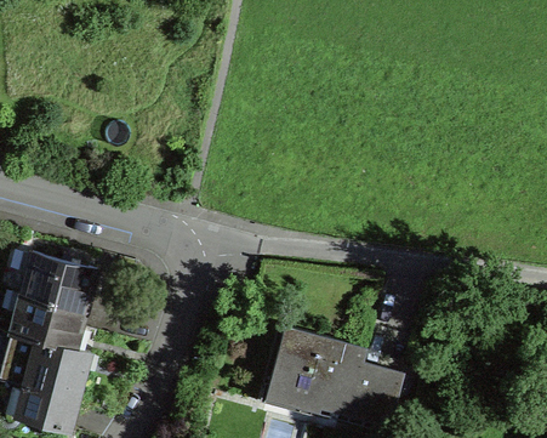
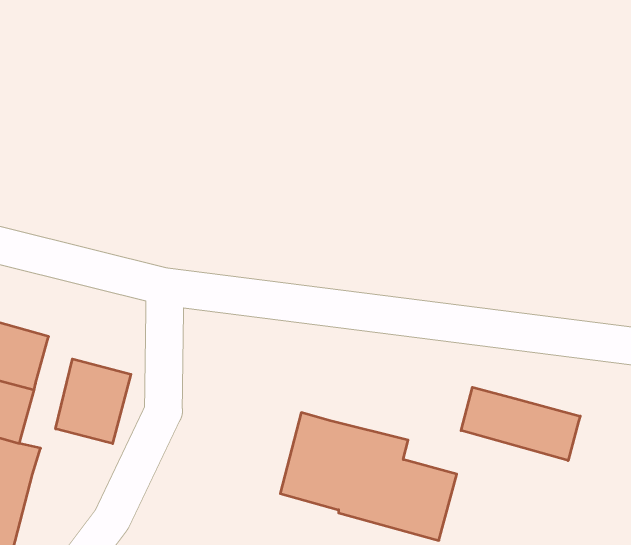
building: none -> [56,359,131,444]
building: none -> [461,387,580,461]

